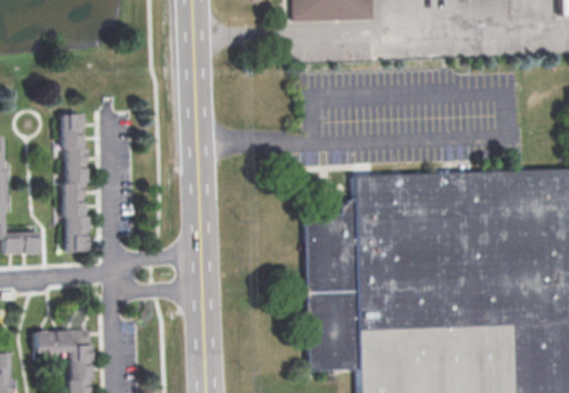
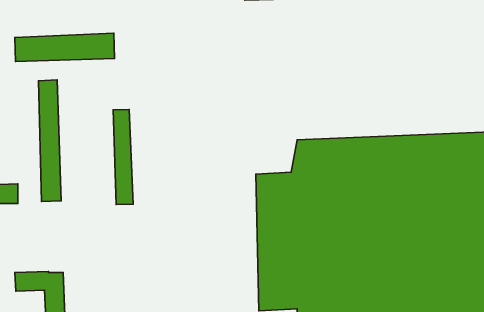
building: none -> [15,33,114,62]
building: none -> [113,109,133,204]

